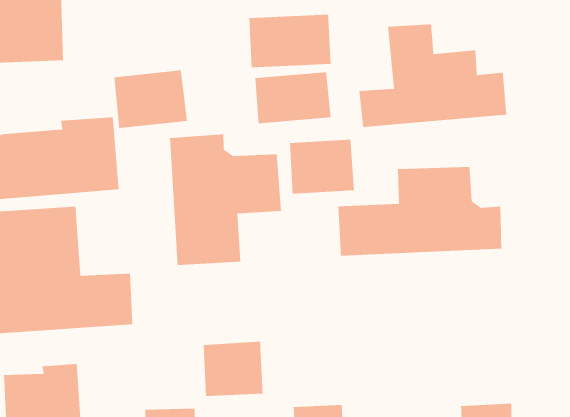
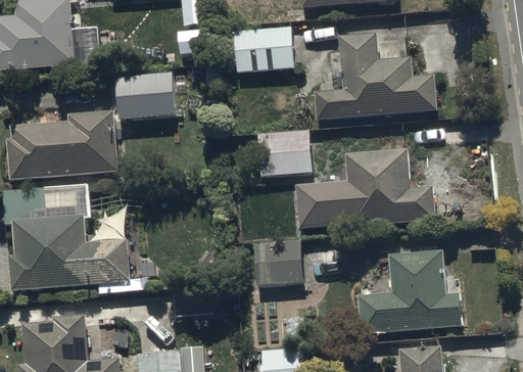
building: [254,71,331,124] -> none
building: [169,134,282,266] -> none
building: none -> [359,251,465,332]
building: [203,341,263,397] -> [252,238,302,284]

